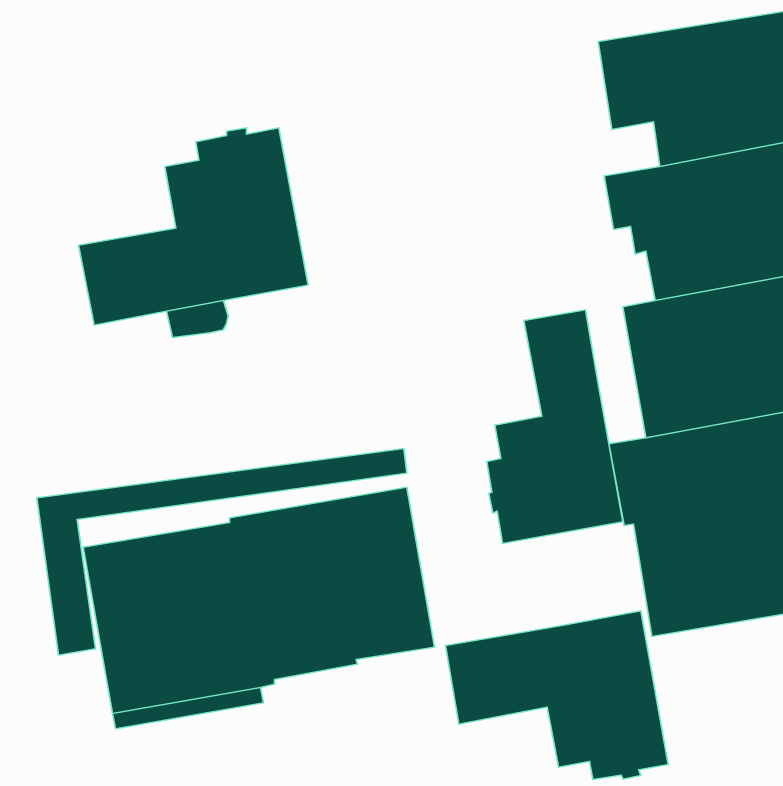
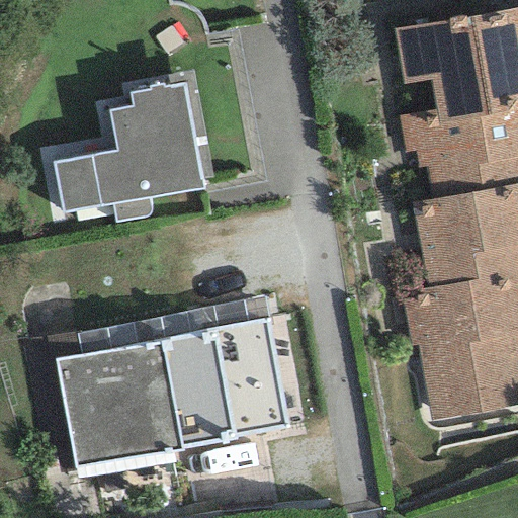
building: [487,310,623,543] -> none
building: [445,611,668,780] -> none

